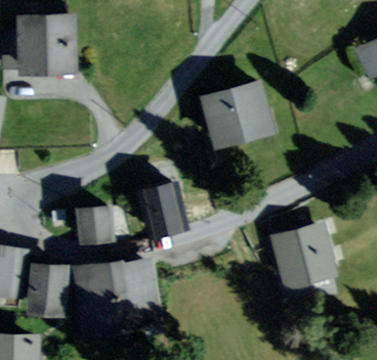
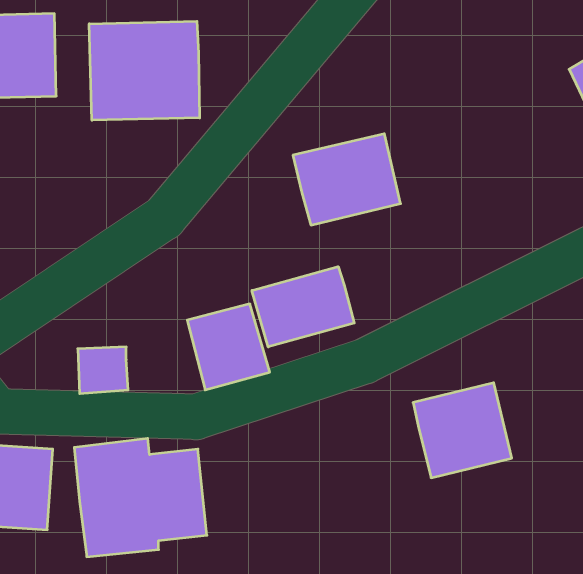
building: none -> [89,21,200,120]
building: none -> [252,267,354,347]

